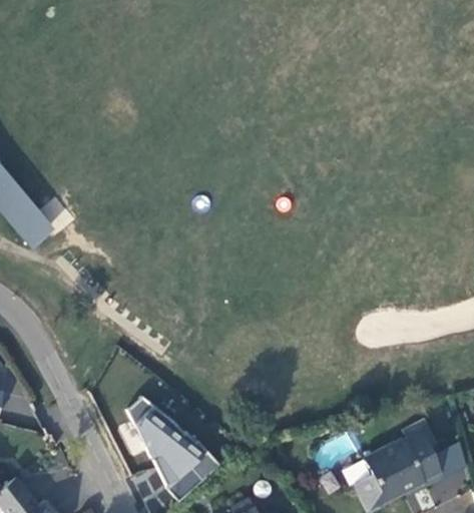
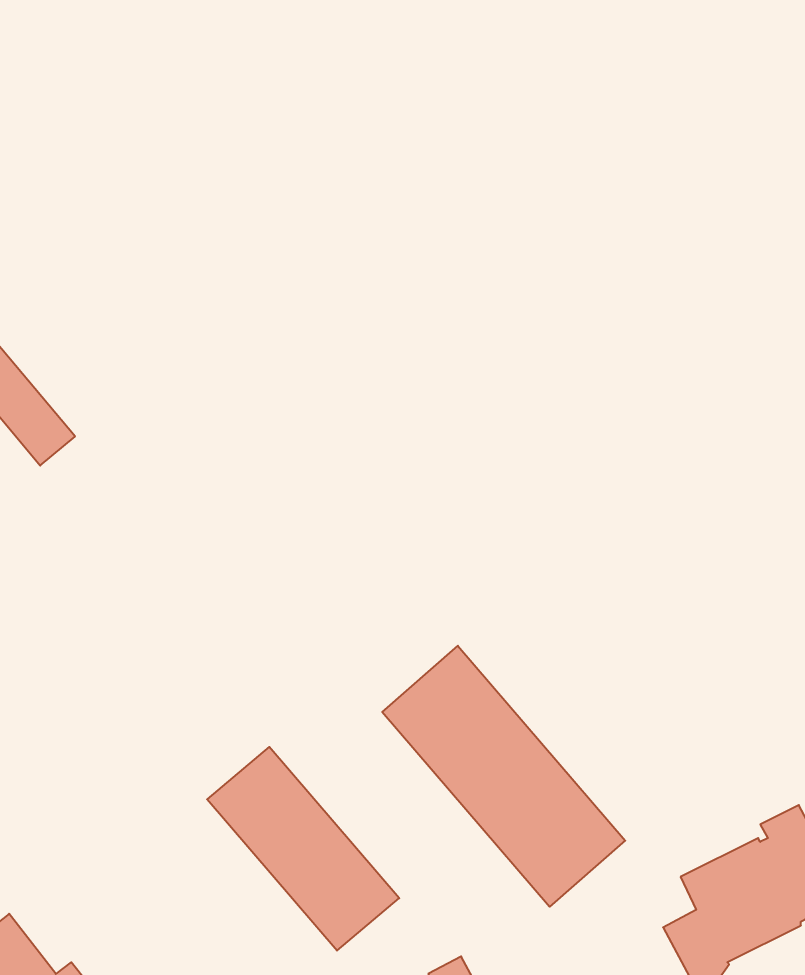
building: none -> [382,646,625,907]

